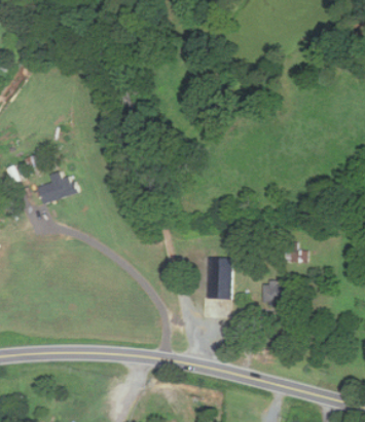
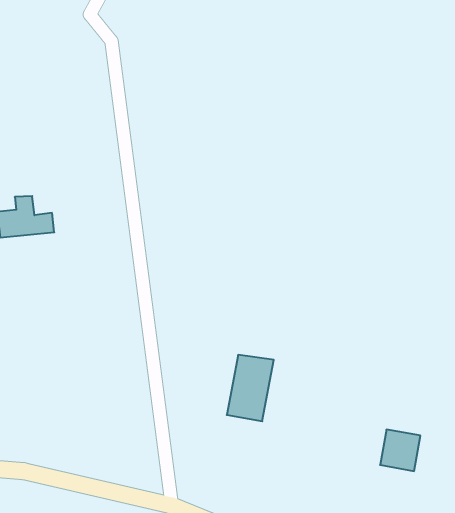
building: [260,281,284,306] -> [380,430,420,471]

